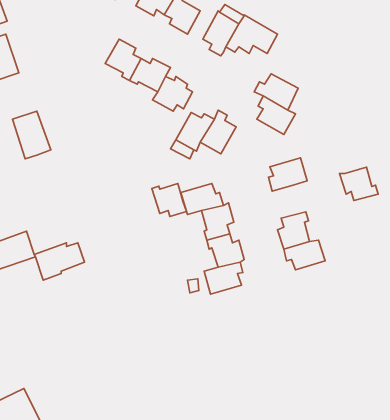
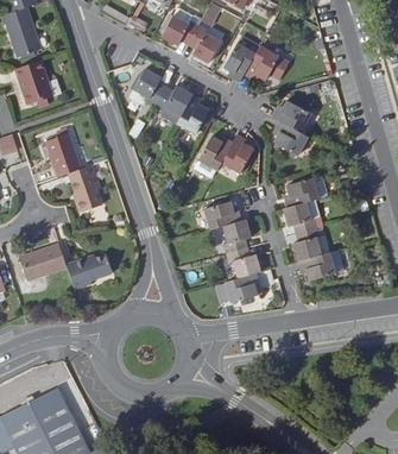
building: none -> [69,166,102,213]
building: [340,167,378,201] -> [282,201,317,232]
building: [152,183,187,216] -> none

